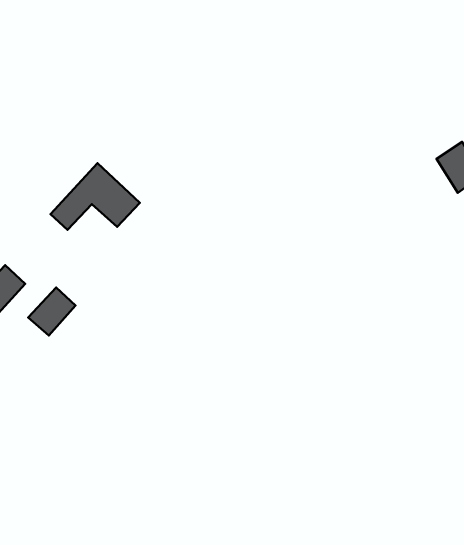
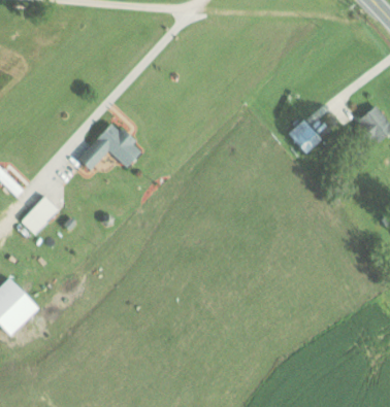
building: none -> [287,120,322,155]
building: [28,288,75,335] -> none

